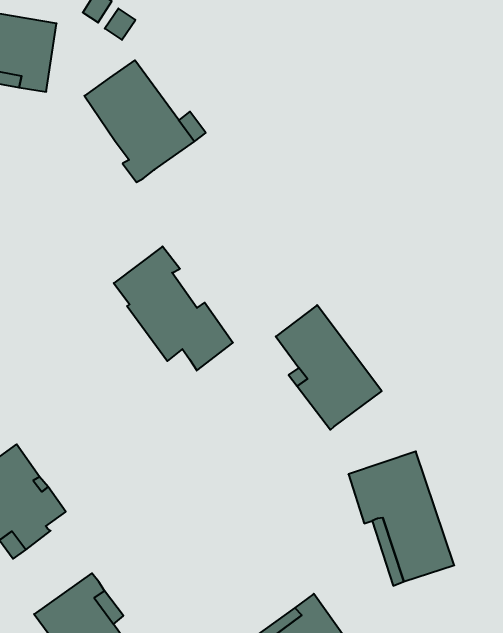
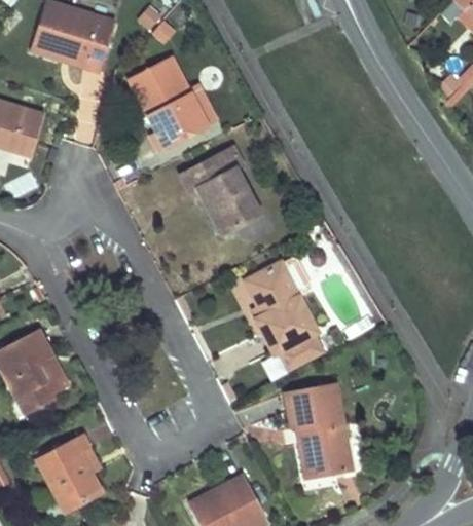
building: [114,246,233,371] -> [193,145,275,240]
building: none -> [277,332,325,371]

